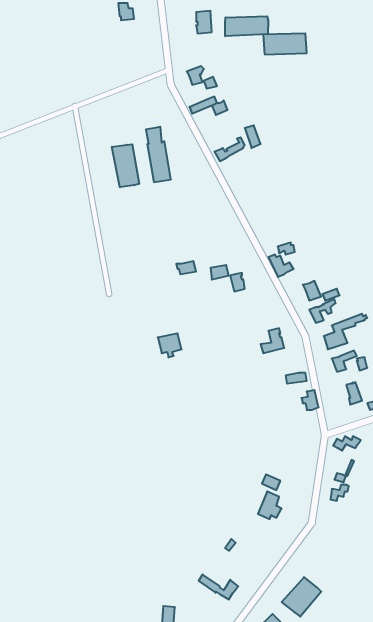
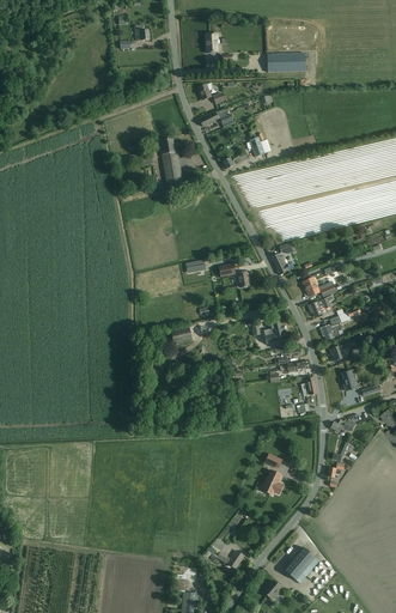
building: [225,16,268,36] -> none
building: [112,144,139,187] -> none

